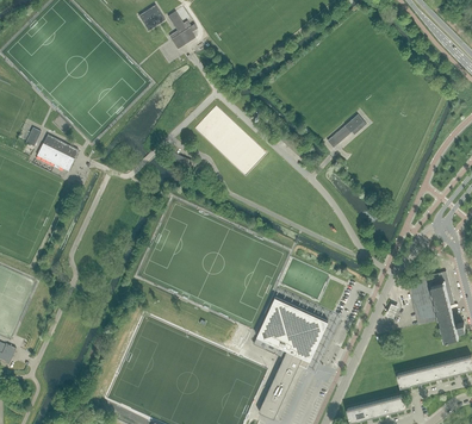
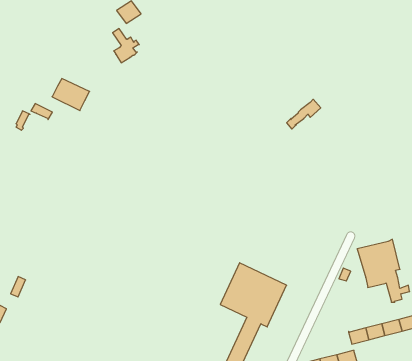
building: [167,12,197,50] -> [113,29,139,63]
building: [36,136,77,172] -> [52,79,90,111]

